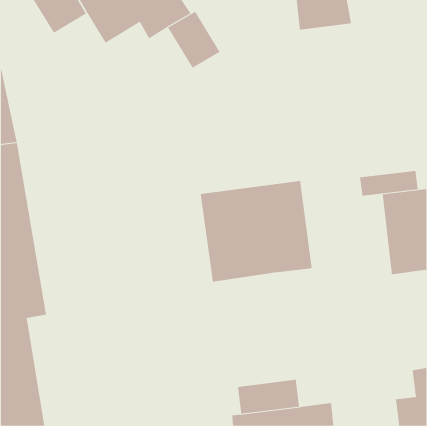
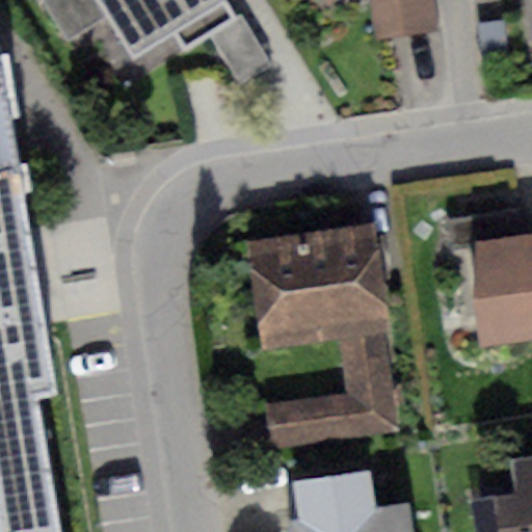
building: none -> [261,335,398,447]

